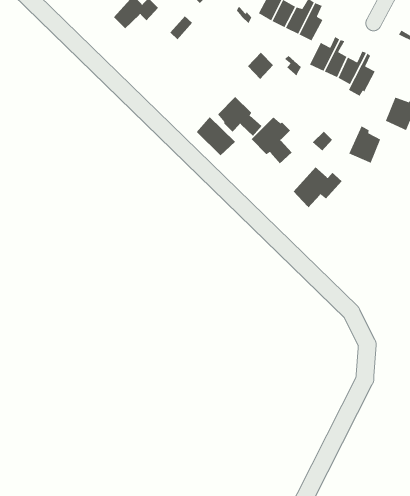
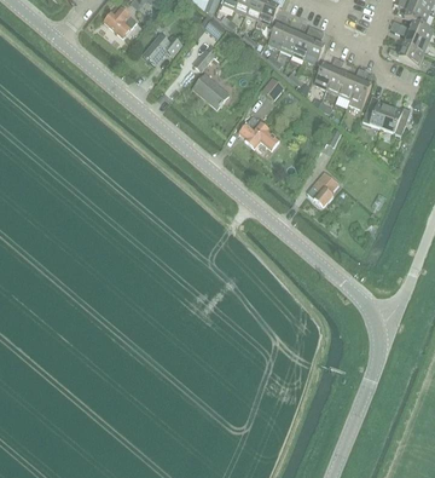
building: [196,116,236,156] -> [192,71,227,105]
building: [251,117,292,164] -> none
building: [348,125,381,164] -> [362,93,390,126]

